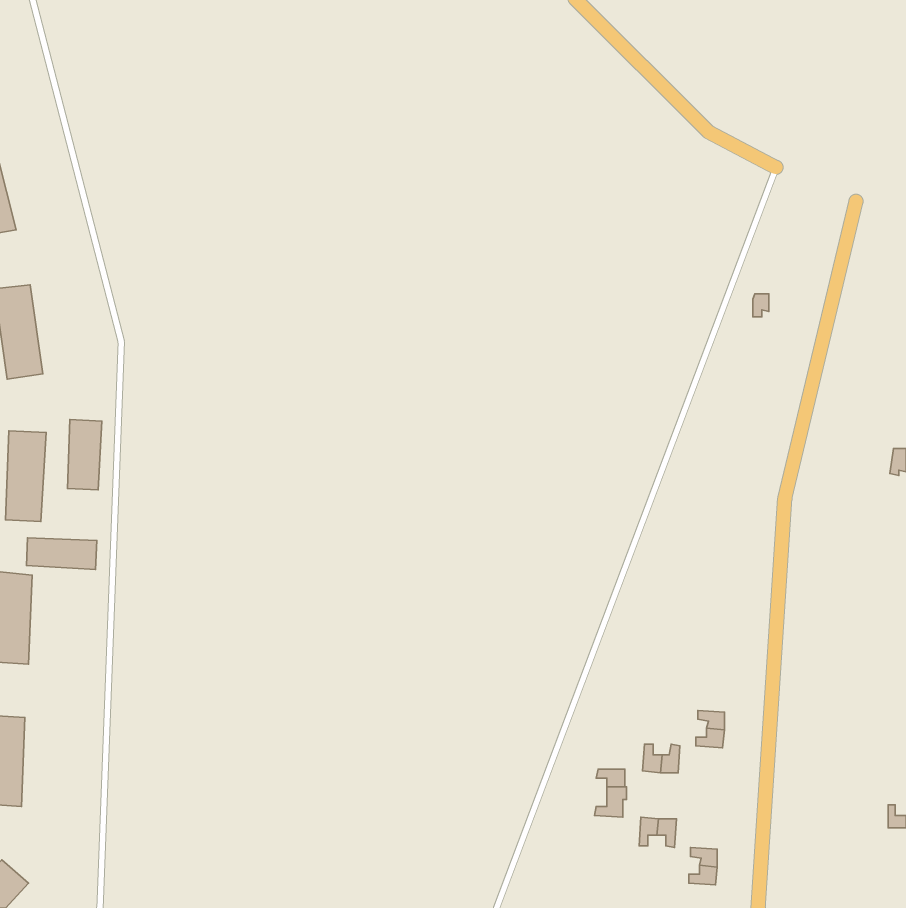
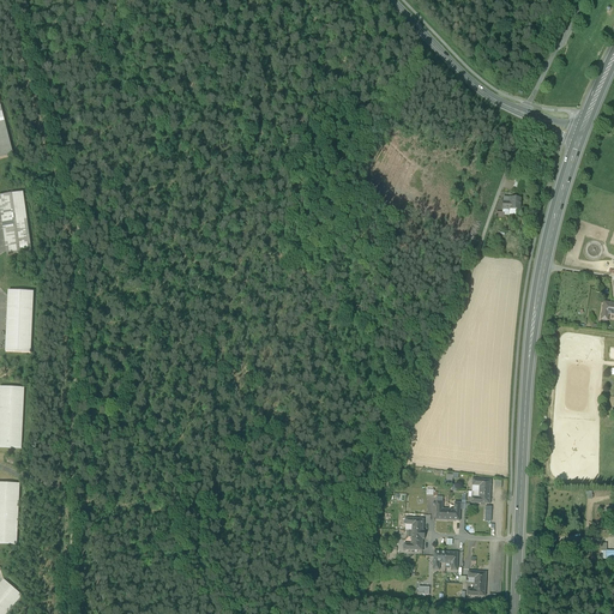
building: [68,420,102,490] -> none
building: [26,538,97,569] -> none

